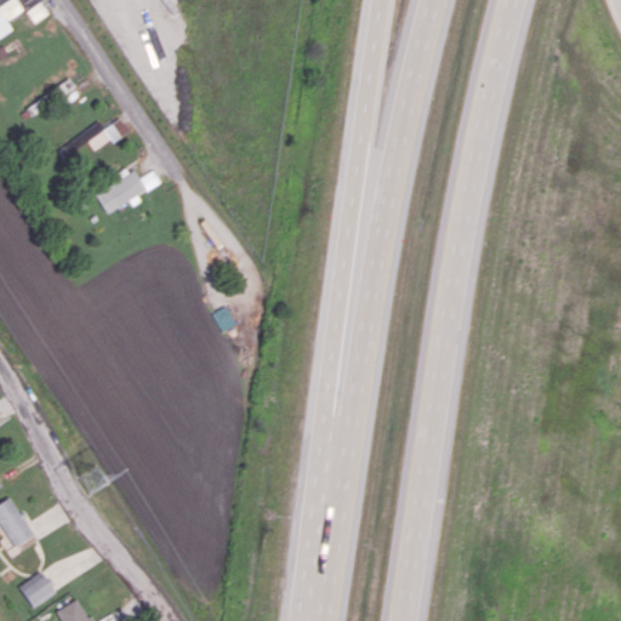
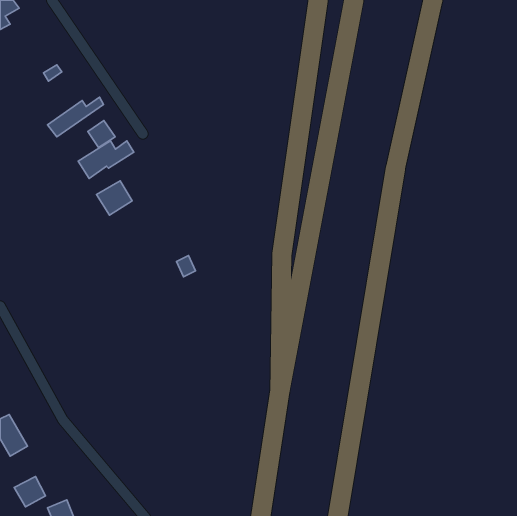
building: none -> [88,120,115,148]
building: none -> [97,181,132,215]

